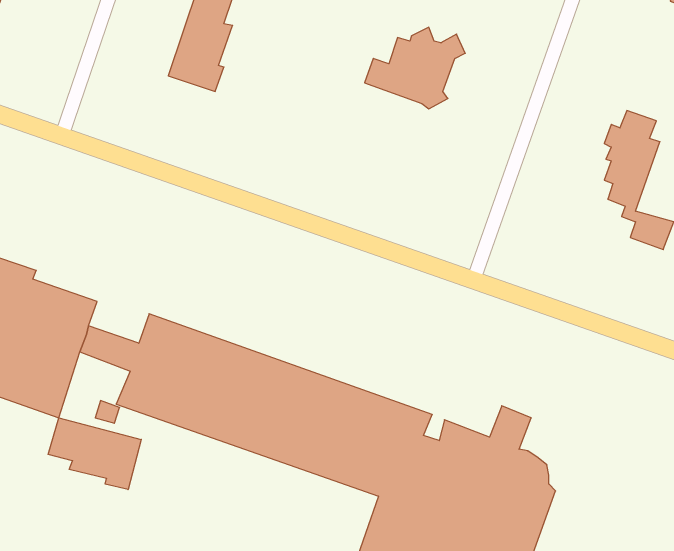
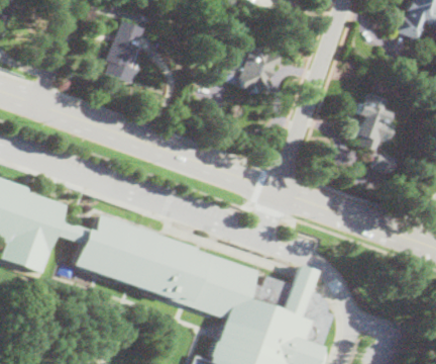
building: [48,418,141,490] -> none

